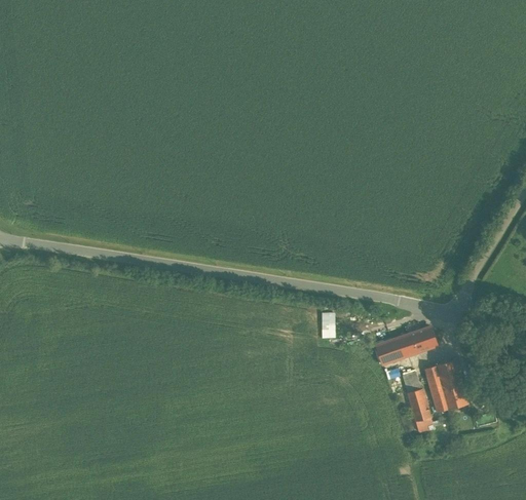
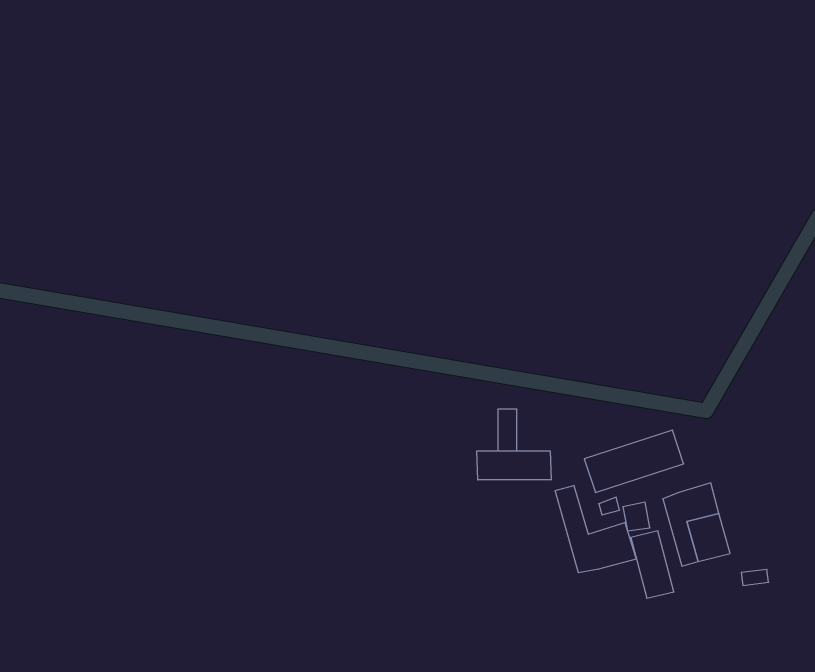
building: none -> [477,451,551,480]
building: none -> [555,485,636,573]

